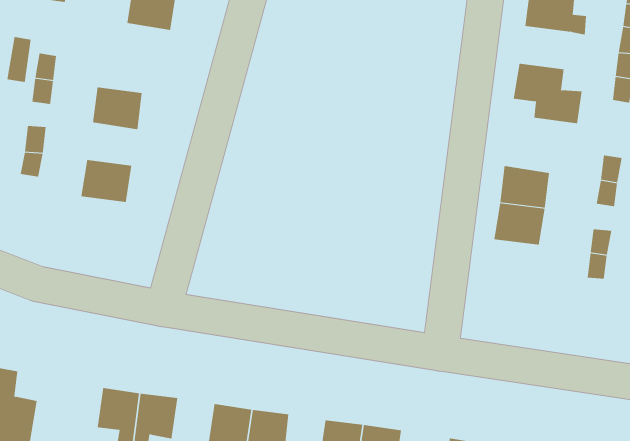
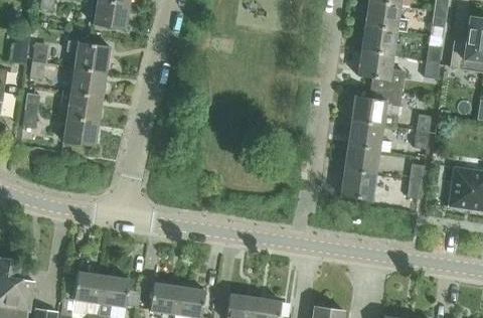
building: none -> [361,26,401,55]
building: none -> [66,32,110,71]
building: none -> [351,89,401,127]
building: none -> [61,91,103,121]
building: none -> [340,171,375,200]

